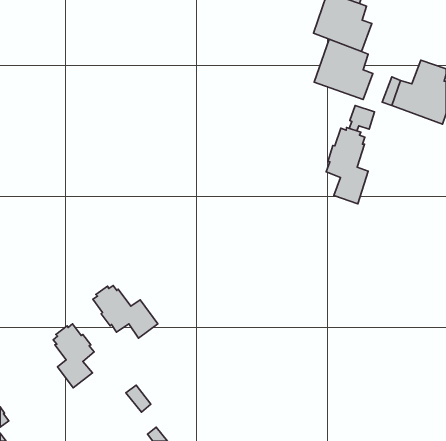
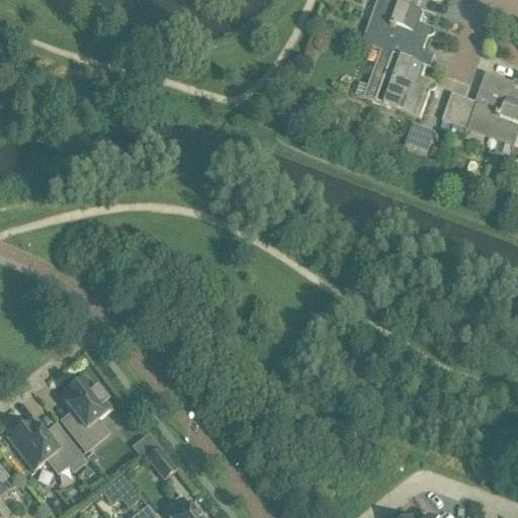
building: [326,128,368,204] -> none
building: [93,285,158,338] -> none
building: none -> [8,419,84,471]

